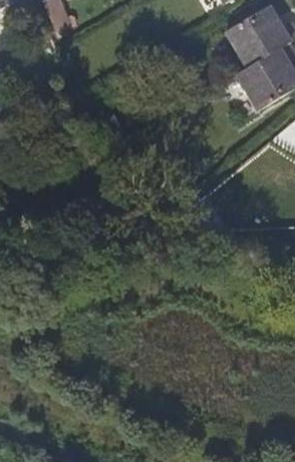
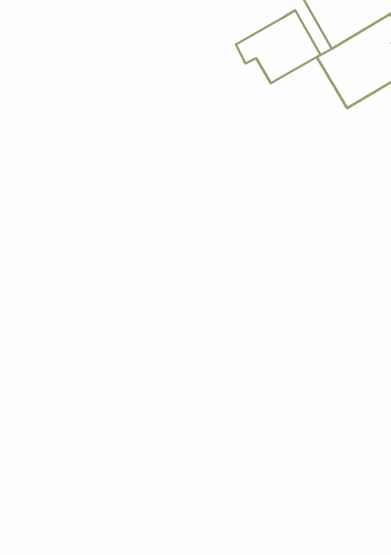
building: none -> [236,10,320,83]

